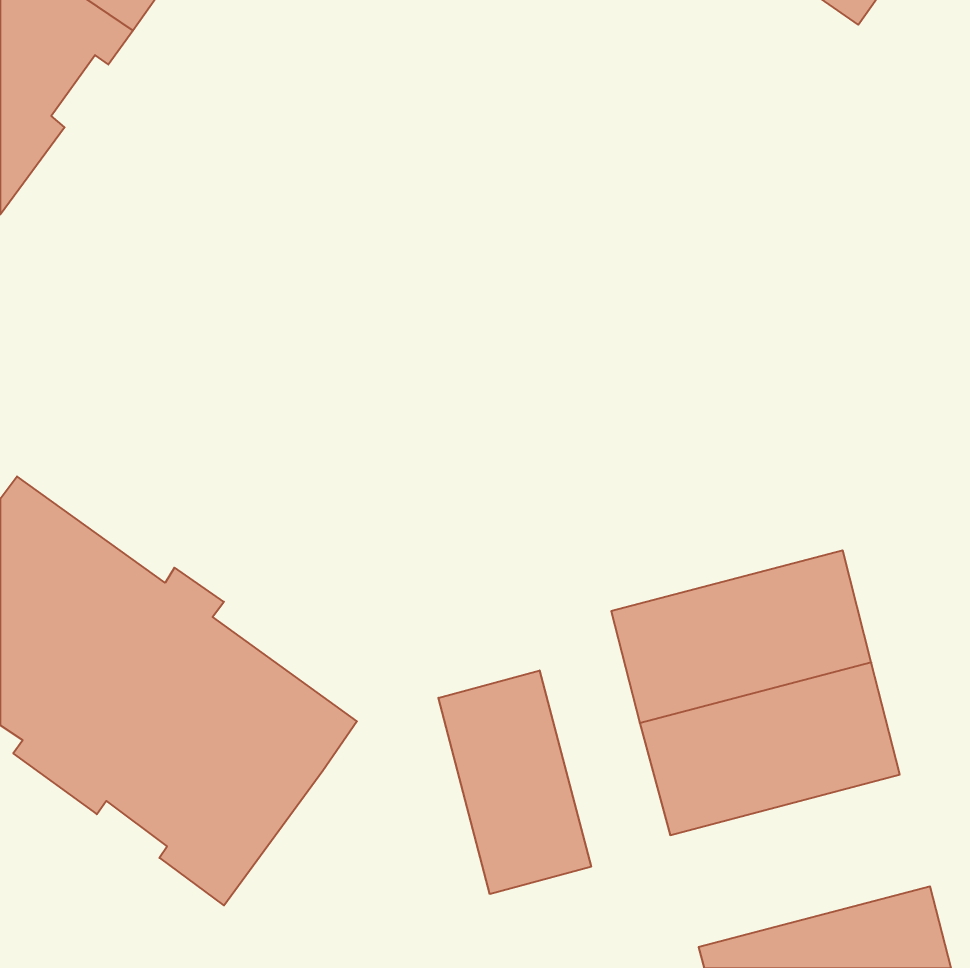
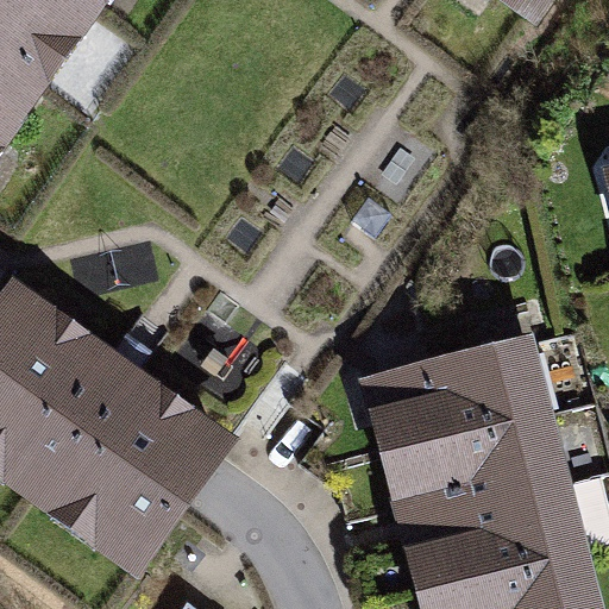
building: [438,670,591,894] -> none
building: none -> [420,485,583,594]

